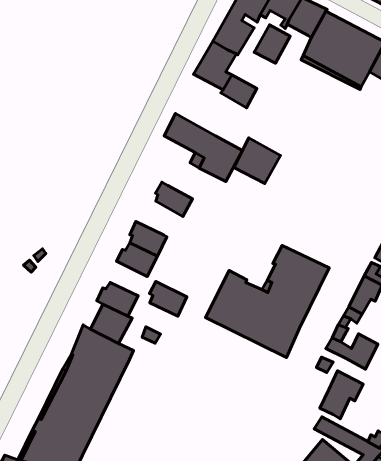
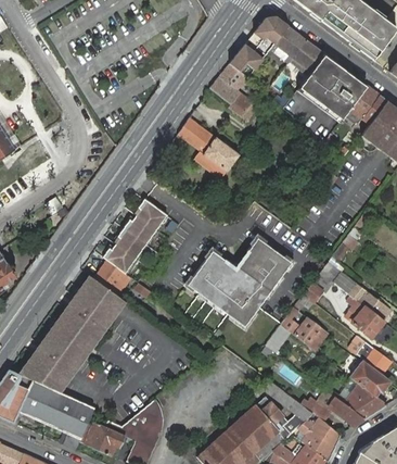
building: [254,25,290,63] -> none
building: [234,138,280,184] -> none
building: [155,182,192,217] -> none
building: [150,282,187,316] -> [116,228,146,259]
building: [320,371,363,419] -> none

